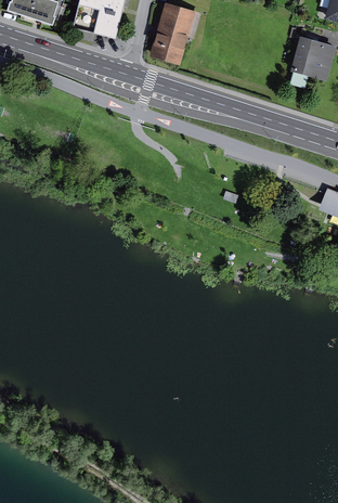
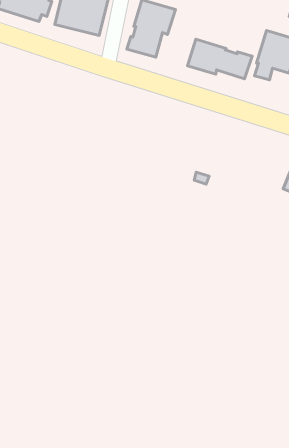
building: none -> [188,39,252,79]

